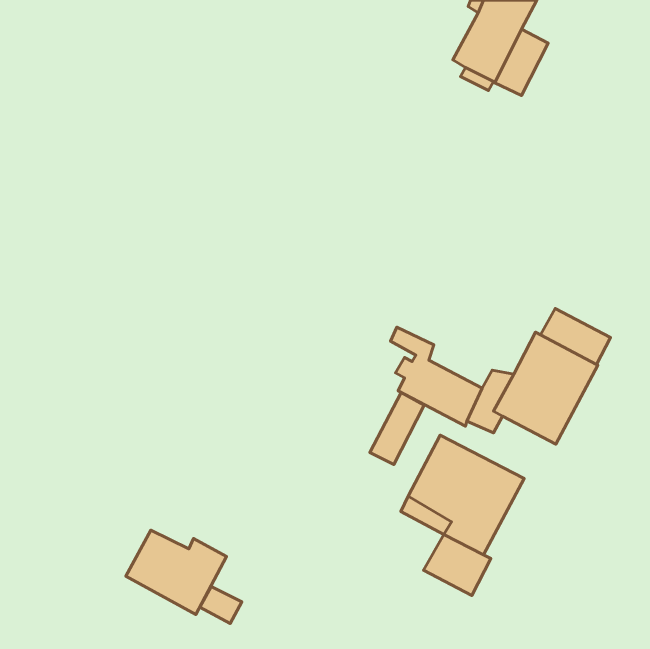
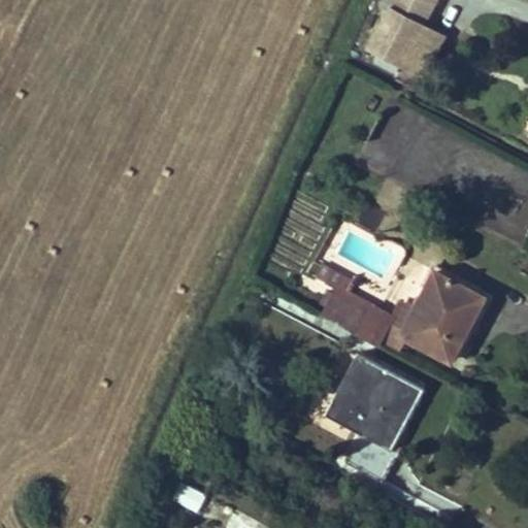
building: [541,309,610,365] -> none
building: [370,392,424,464] -> none
building: [126,530,226,615] -> none

